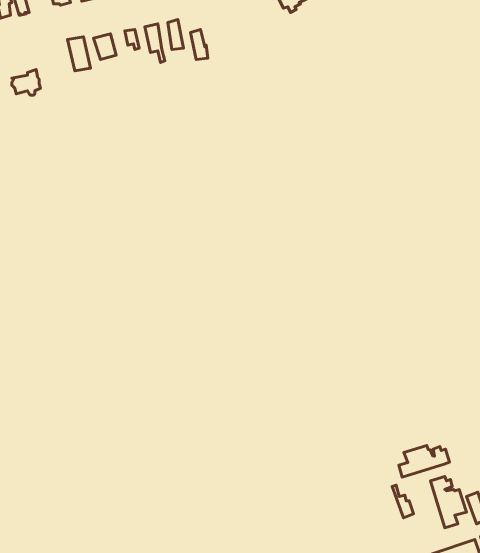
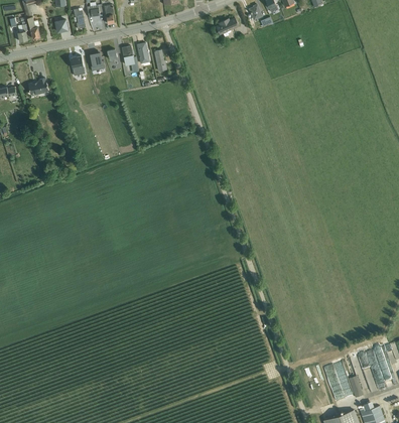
building: [399,446,450,477] -> none

